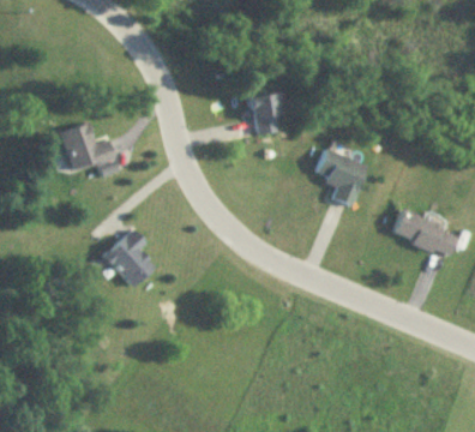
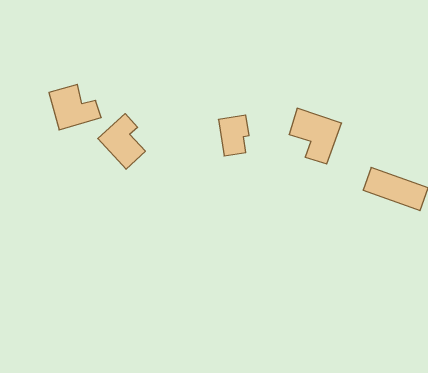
building: [249,92,282,136] -> [218,115,249,156]
building: [106,228,156,287] -> [98,114,145,169]

